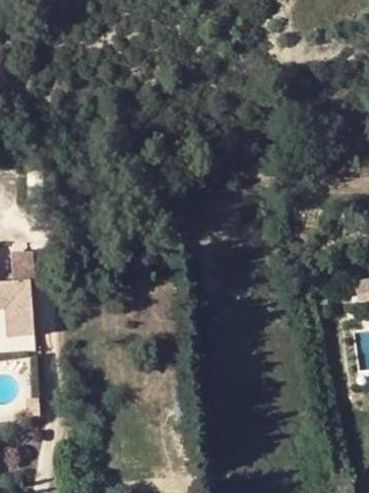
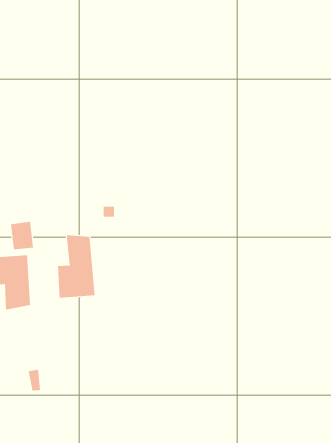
building: none -> [58,234,95,299]

